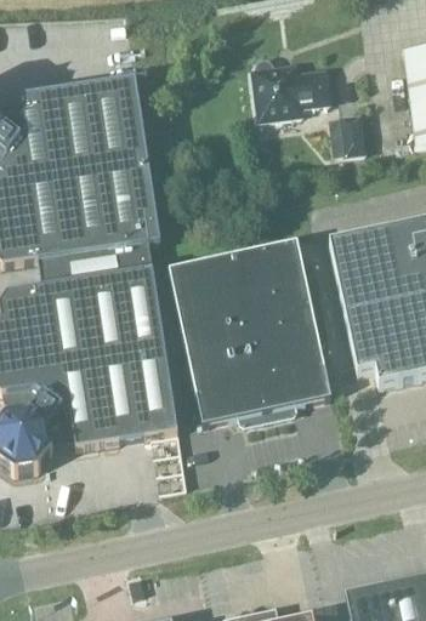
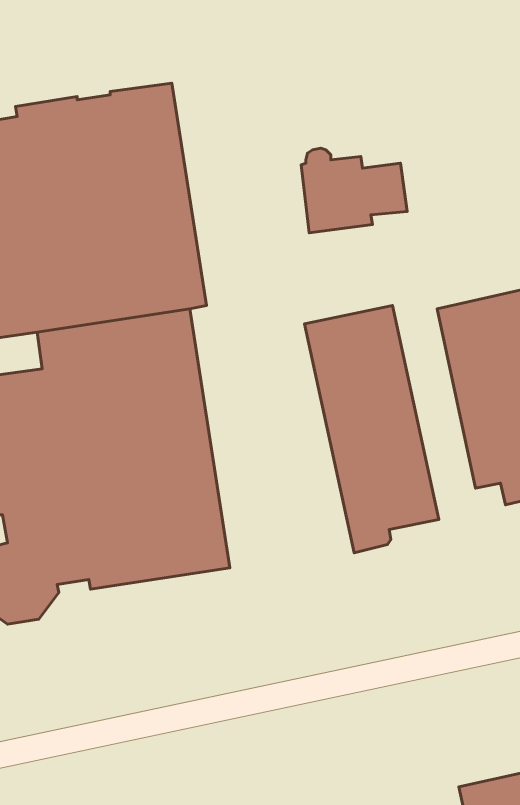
building: [251,55,329,116] -> [301,148,407,233]
building: [339,112,364,152] -> none
building: [169,251,268,423] -> none

